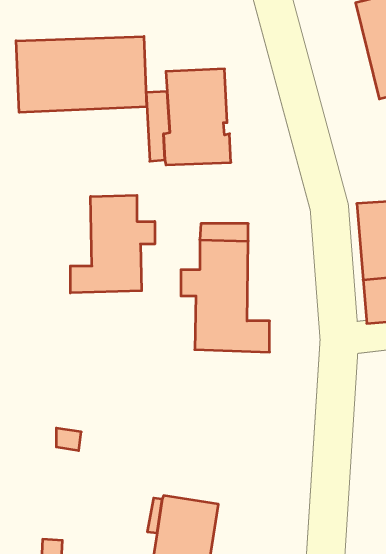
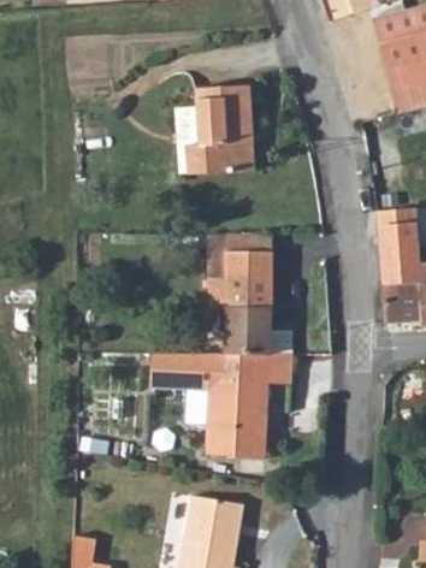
building: [16,36,147,112] -> none
building: [70,195,155,293] -> none
building: none -> [149,351,294,457]

